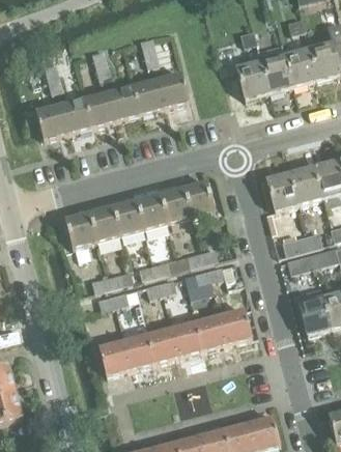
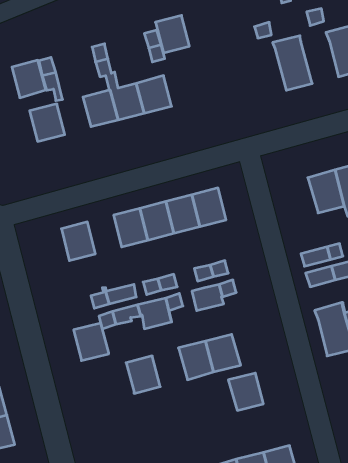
building: [283,48,317,86] -> none
building: [236,54,269,98] -> none
building: [158,73,189,107] -> [155,15,189,53]
building: [60,98,91,133] -> [12,60,46,98]
building: [265,172,299,210] -> none
building: [88,206,119,242] -> none
building: [220,309,252,343] -> [228,373,263,410]
building: [147,328,179,363] -> none
building: [98,341,131,375] -> [74,323,109,361]

